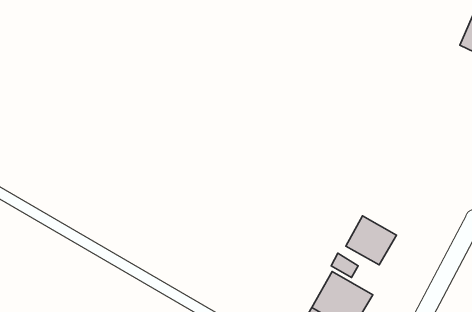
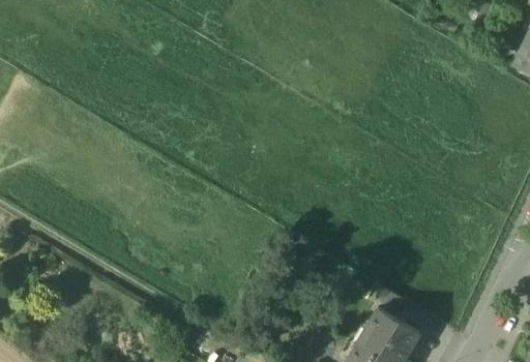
building: [346,216,396,265] -> none

